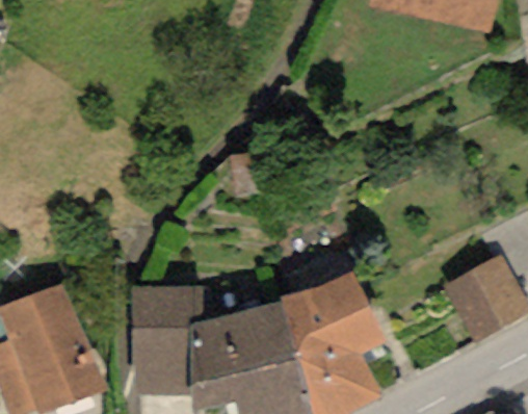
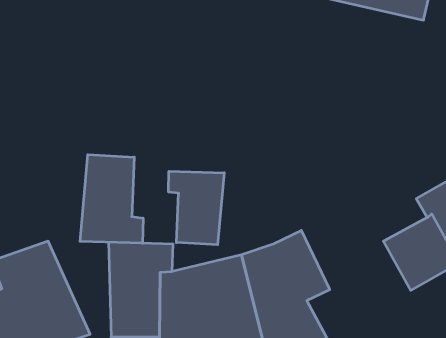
building: none -> [80,155,143,243]
building: none -> [169,171,224,245]

